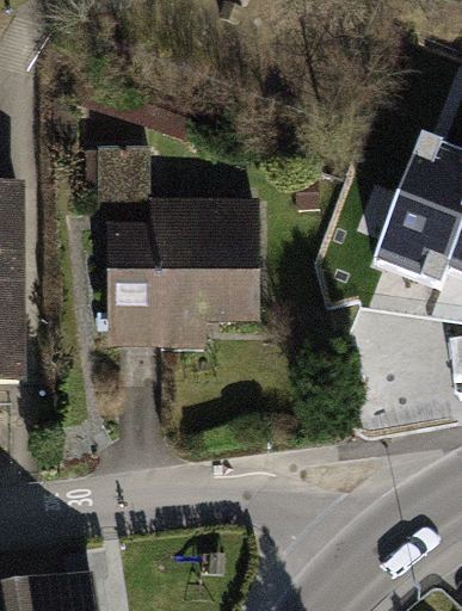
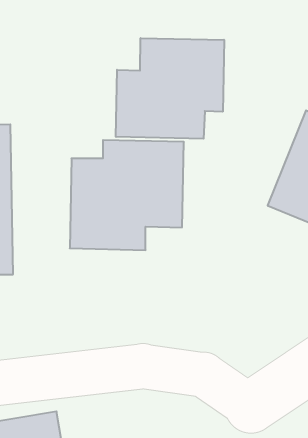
building: none -> [116,38,224,139]

